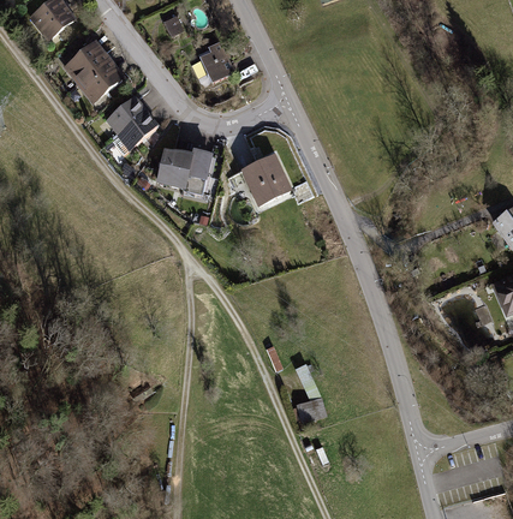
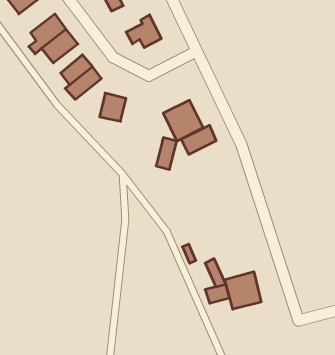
building: [183,149,210,191] -> [156,138,177,169]
building: none -> [181,125,216,154]
building: none -> [225,272,261,309]

